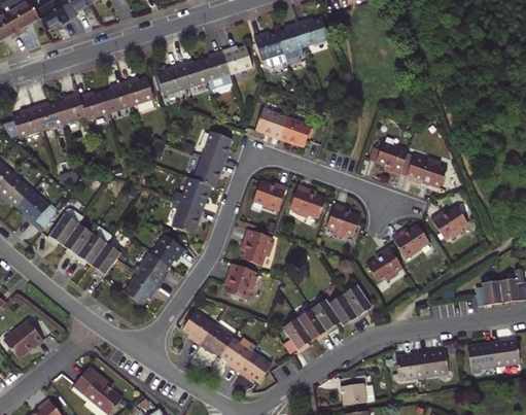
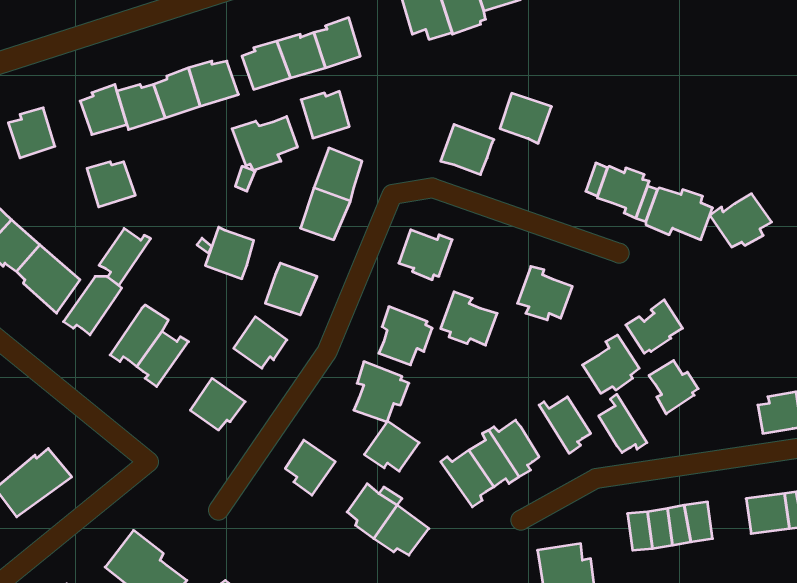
building: [222,45,252,74] -> [301,91,349,138]
building: [34,102,64,130] -> [87,162,135,207]
building: [255,108,287,139] -> [500,93,552,143]
building: none -> [232,116,297,171]
building: [180,178,210,210] -> [205,227,254,279]
building: [289,187,324,220] -> [441,292,497,345]
building: [430,205,468,238] -> [710,194,772,247]
building: [63,223,95,258] -> [99,228,151,285]
building: [133,252,169,287] -> none
building: none -> [649,360,698,414]
building: [328,289,358,325] -> [599,394,647,453]
building: [200,324,234,355] -> [364,421,419,471]

